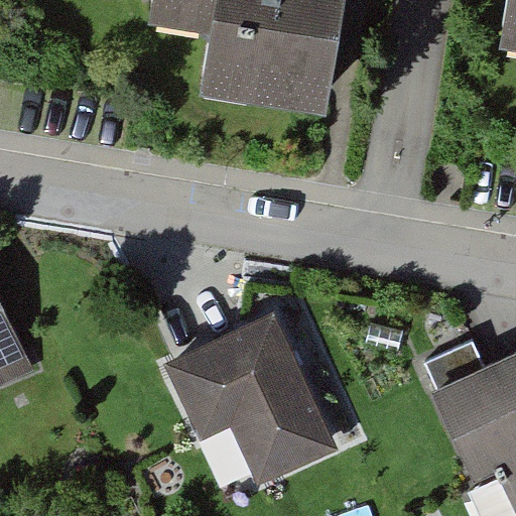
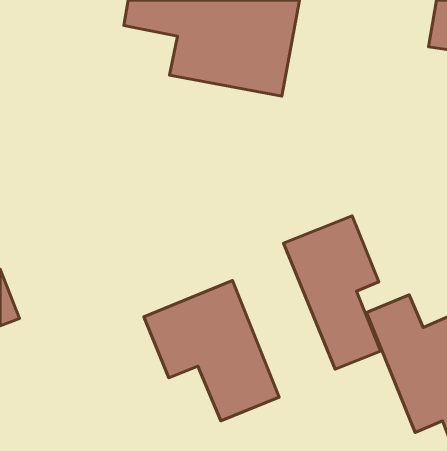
building: none -> [284,216,380,369]

